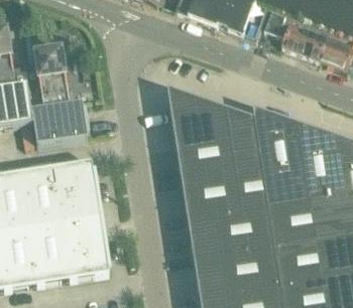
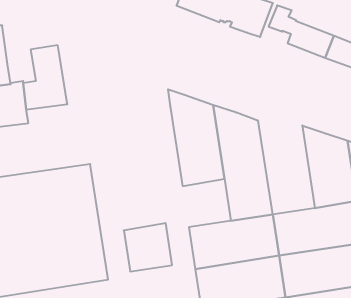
building: [30,101,88,144] -> none
building: [251,109,308,209] -> none
building: [181,175,227,221] -> [124,223,172,271]

